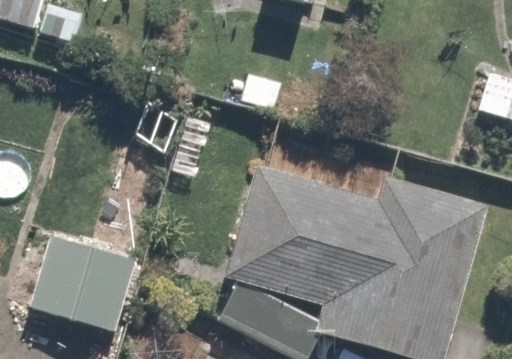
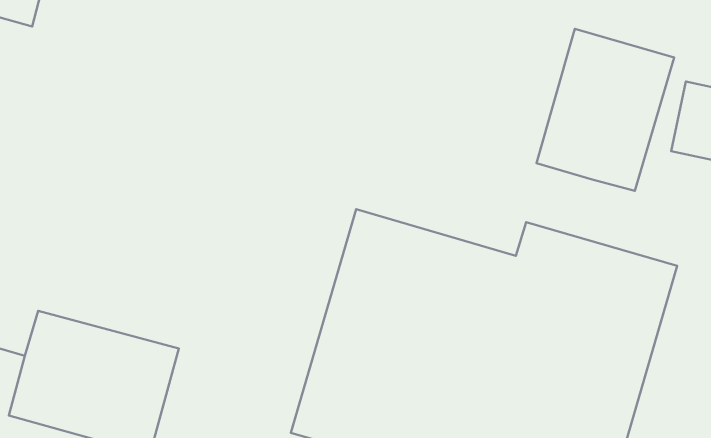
building: none -> [537,29,674,191]

